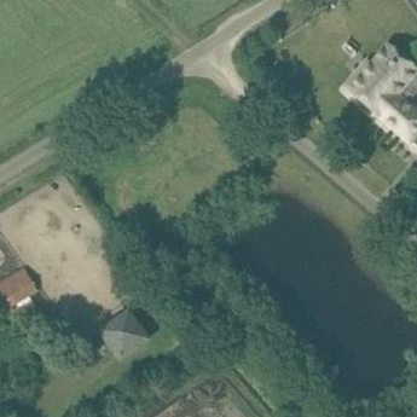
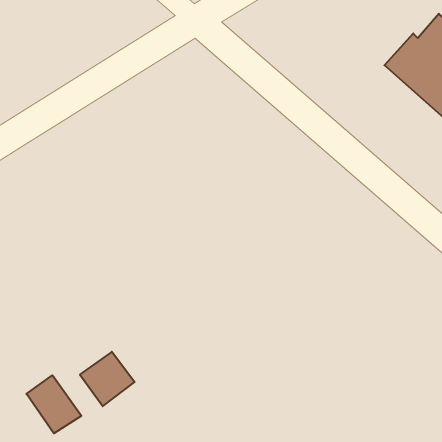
building: none -> [26,375,81,433]

